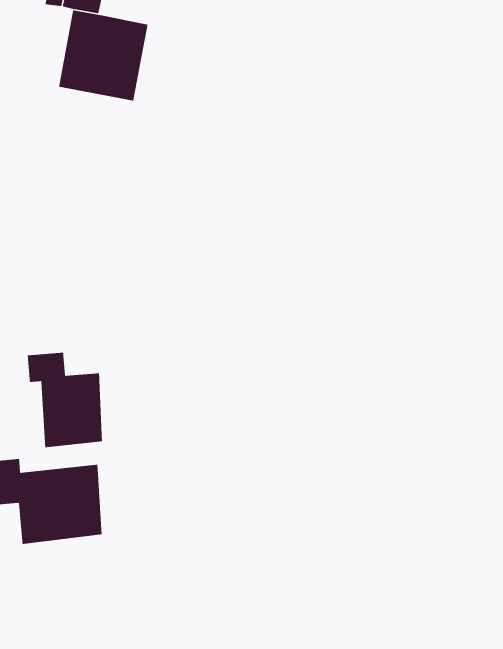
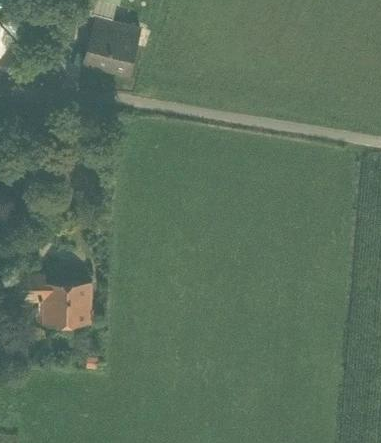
building: [27,352,103,448] -> none

